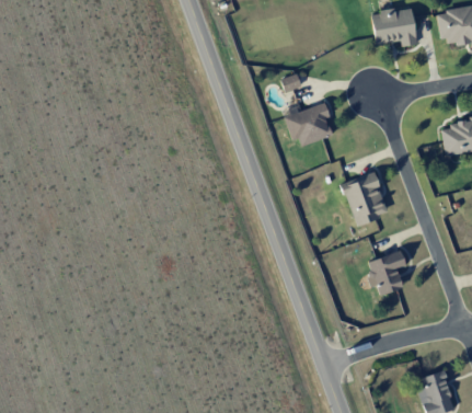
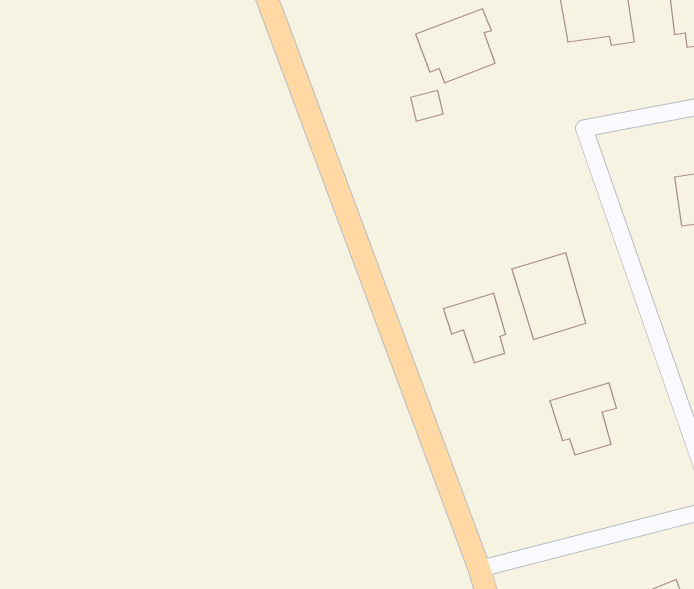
building: [285,102,333,147] -> [416,9,495,83]
building: none -> [443,293,506,363]

